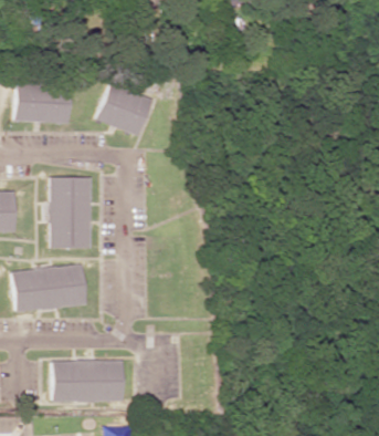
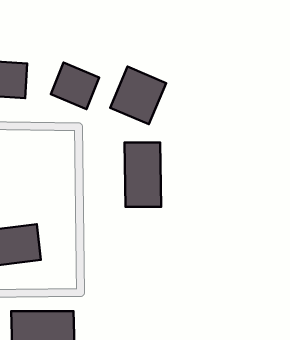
building: none -> [110,67,166,124]
building: [50,177,91,249] -> [125,142,161,207]

